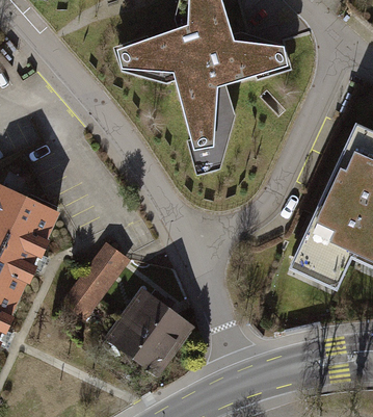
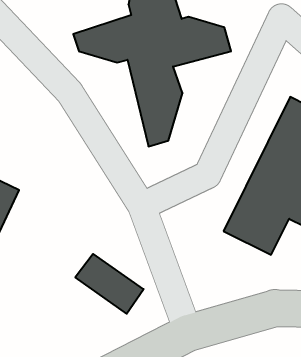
building: [59,237,129,318] -> none
building: [103,313,177,381] -> none

